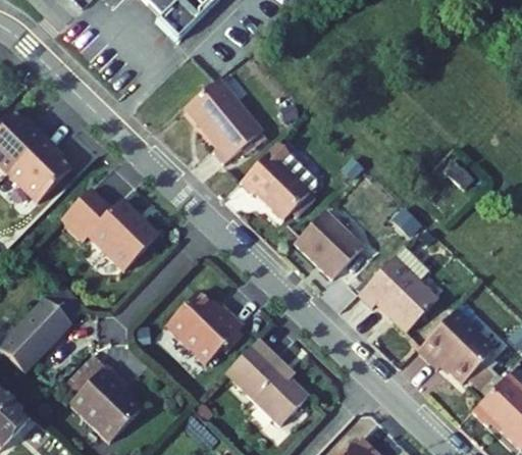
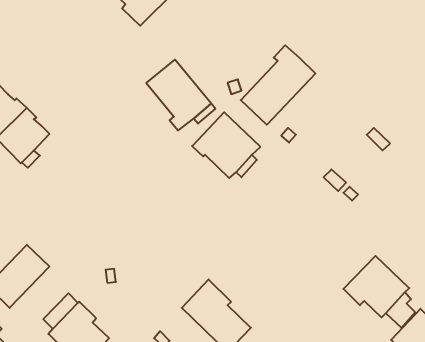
building: none -> [241,45,315,125]
building: [60,189,157,270] -> none
building: [294,211,362,280] -> none
building: [358,246,437,332] -> none
building: [165,292,243,364] -> none

